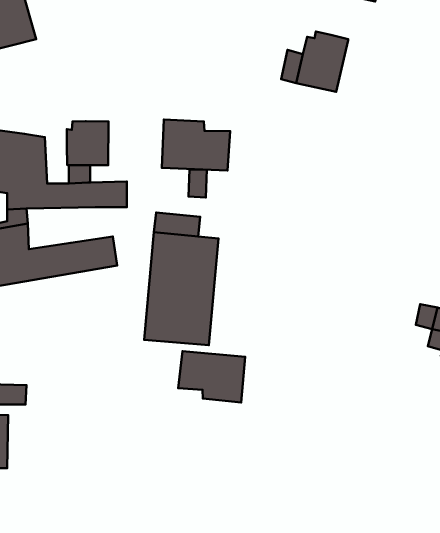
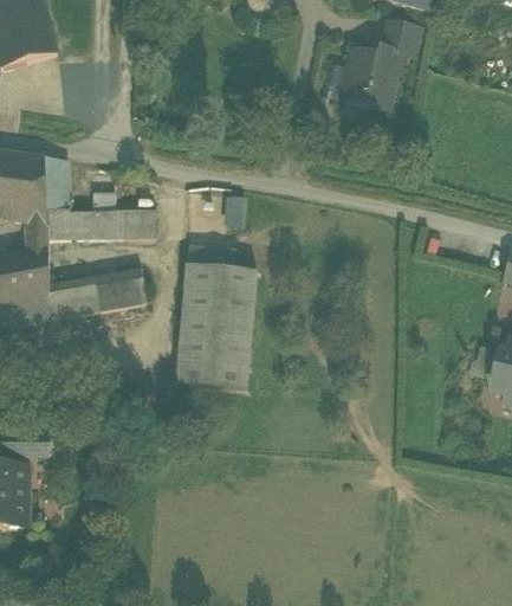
building: none -> [381,21,421,57]
building: [162,119,230,170] -> none
building: [67,121,108,165] -> none
building: [178,351,245,402] -> none

